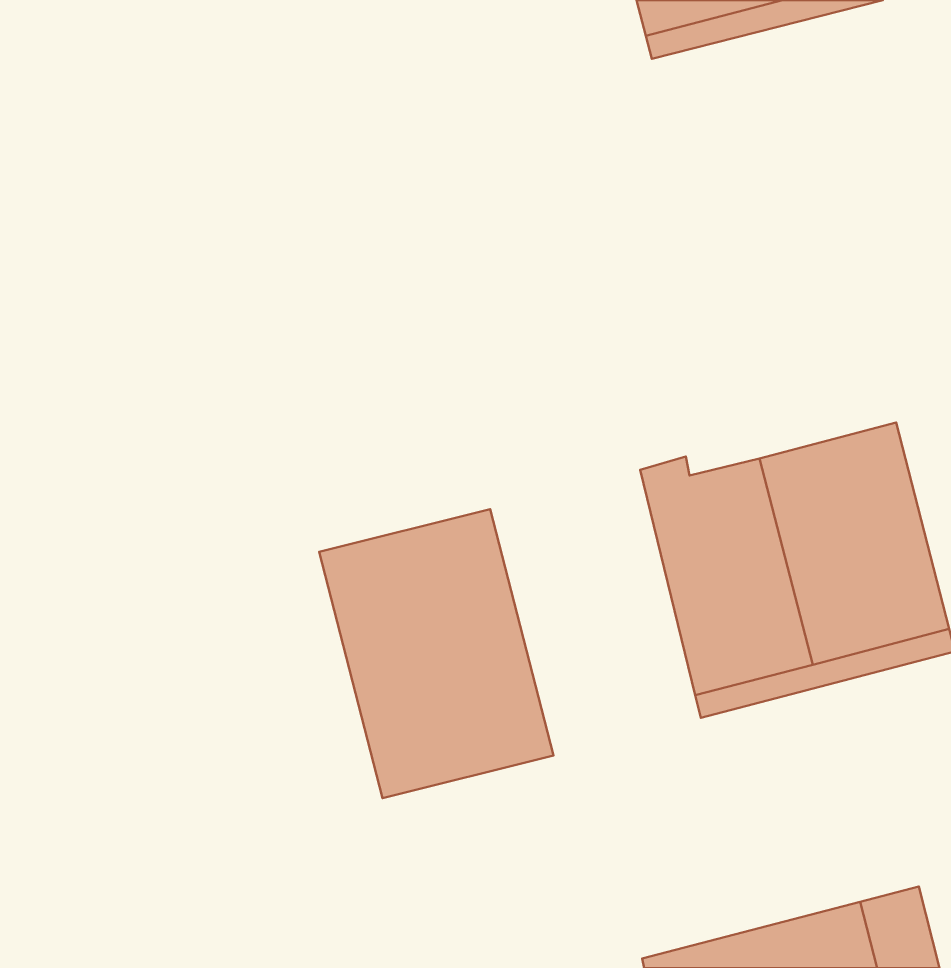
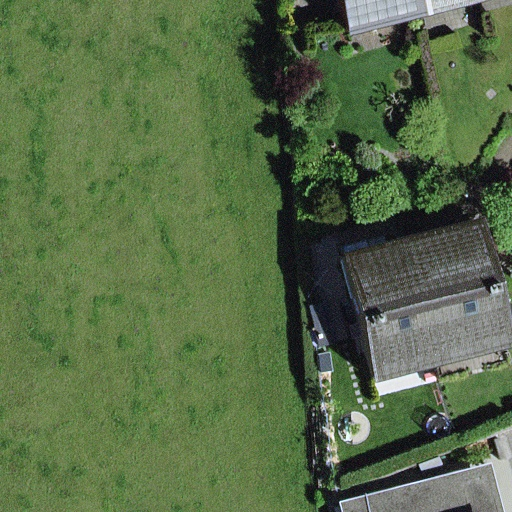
building: [319,509,553,798] -> none

